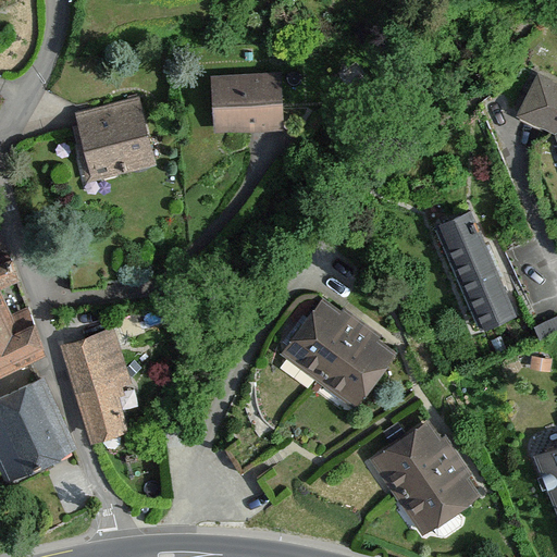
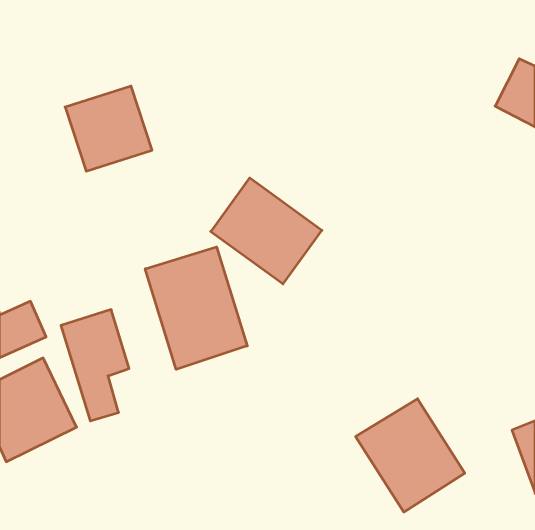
building: [205,60,274,129] -> none
building: [430,202,528,339] -> none
building: none -> [145,247,247,369]
building: [280,298,395,408] -> [211,178,322,284]

